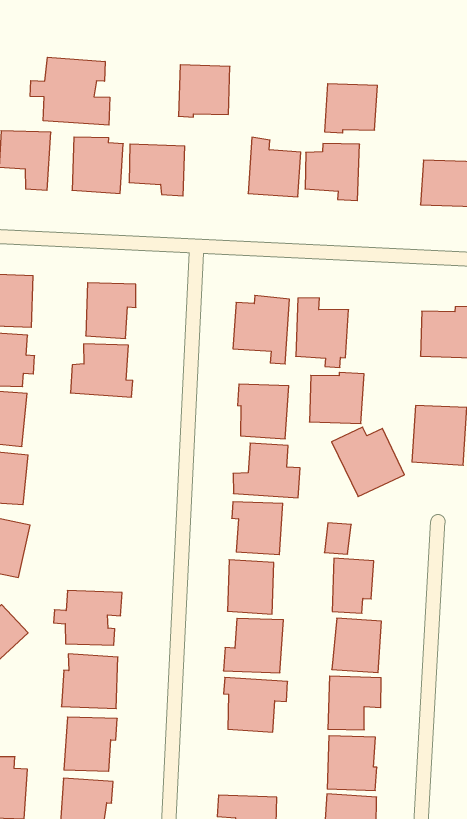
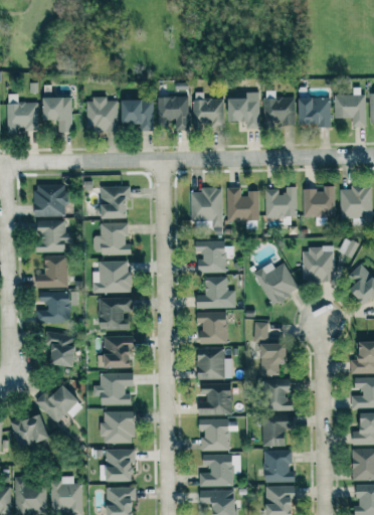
building: [30,57,110,125] -> none
building: [178,65,230,117] -> [157,96,188,128]
building: [325,84,377,133] -> [263,97,294,127]
building: [309,372,364,424] -> [264,186,297,217]
building: none -> [91,261,130,293]
building: none -> [99,298,129,329]
building: none -> [98,335,130,368]
building: none -> [198,455,232,487]

